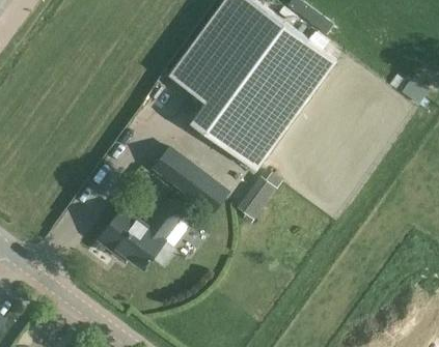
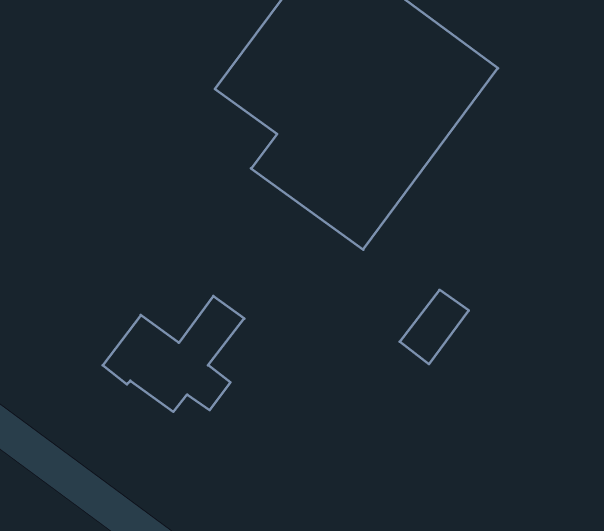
building: [155,148,215,202] -> none
building: [236,176,277,221] -> [400,290,469,364]

